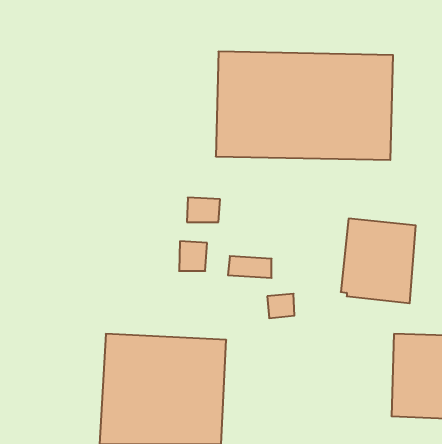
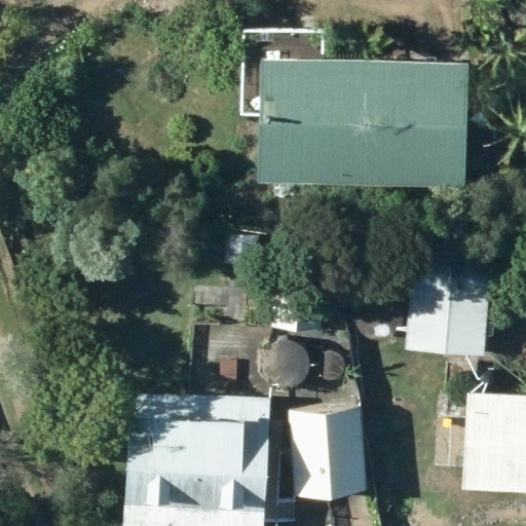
building: none -> [290,410,364,492]

